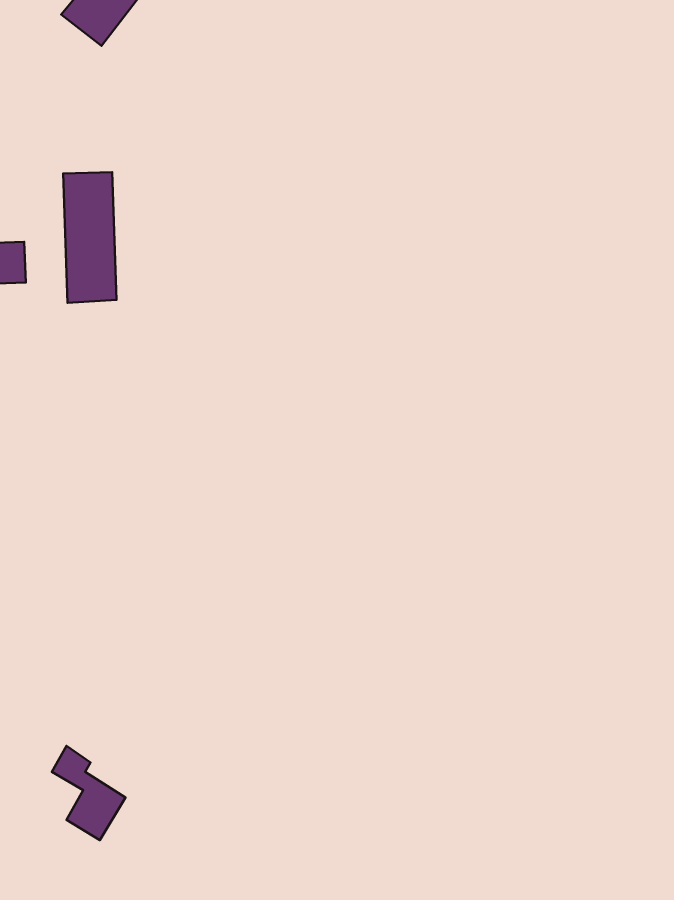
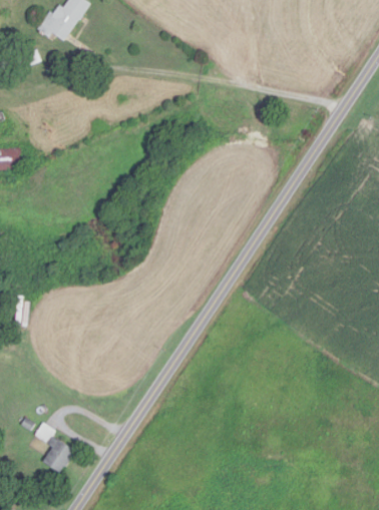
building: [63,172,117,303] -> none

